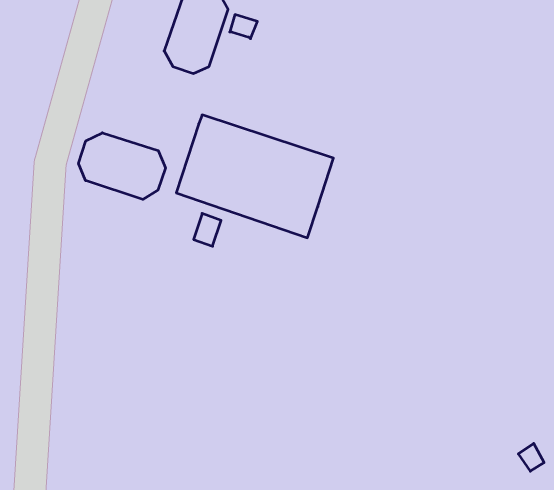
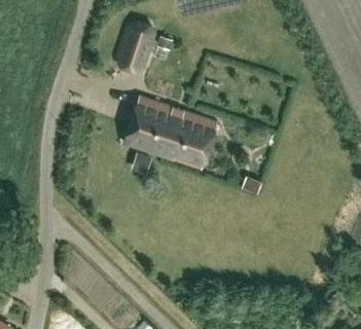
building: [79,133,165,199] -> none

